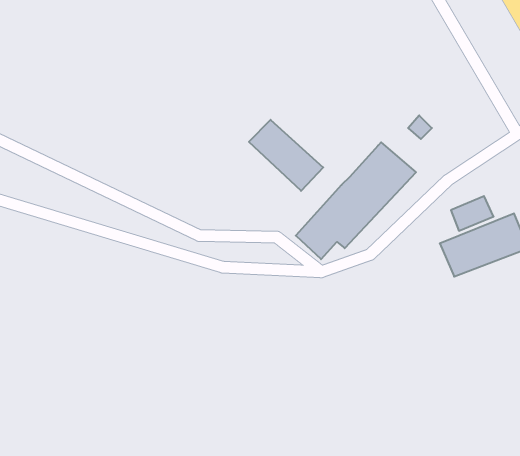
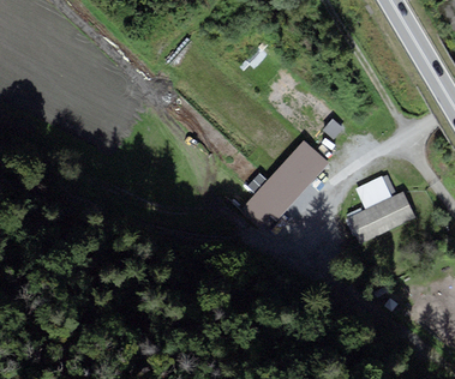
building: [249,120,323,191] -> none

